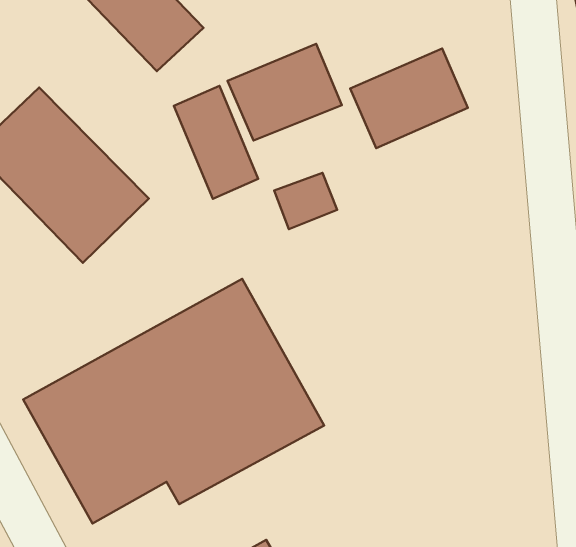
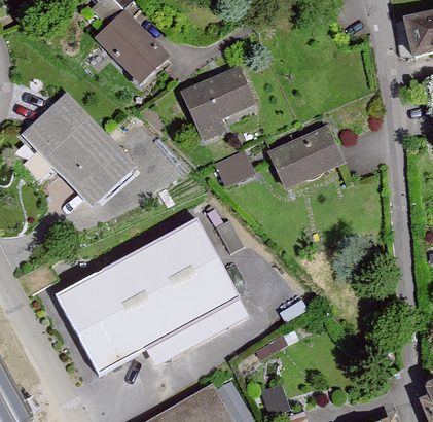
building: [350,48,468,148] -> [270,122,346,186]
building: [174,86,258,199] -> none

